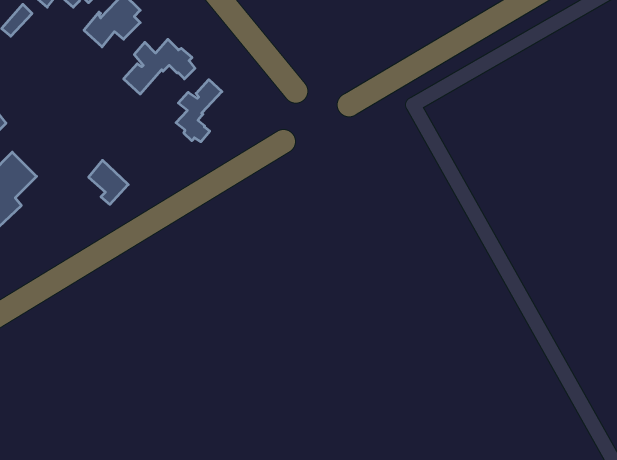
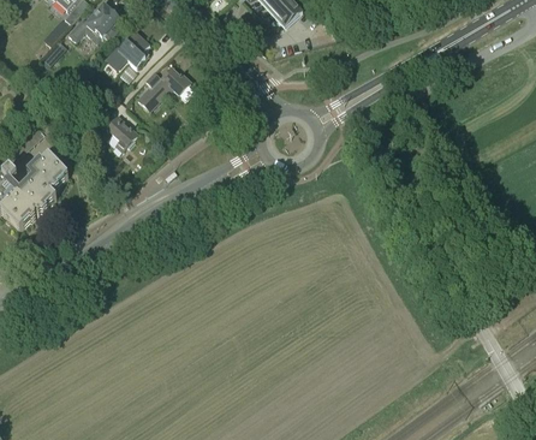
building: [176,80,222,142] -> none
building: [89,160,128,204] -> [106,114,137,149]

